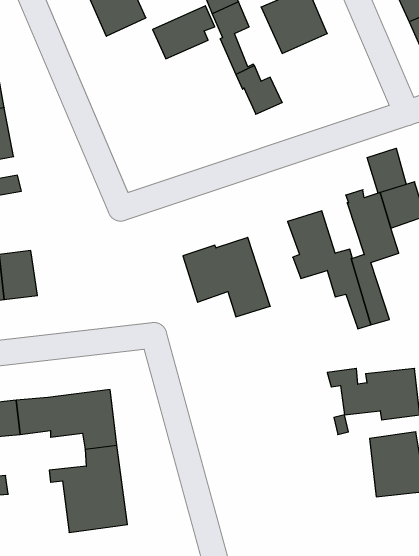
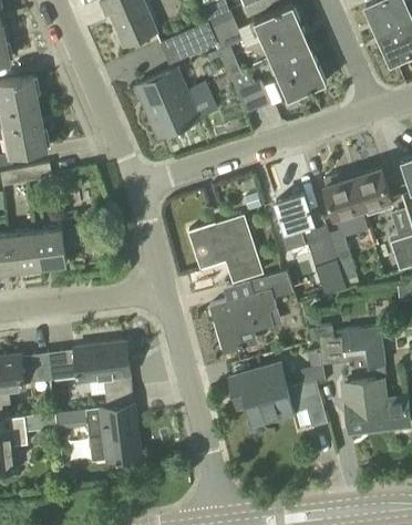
building: none -> [270,45,325,101]
building: none -> [135,70,217,137]
building: [367,148,406,193] -> none
building: none -> [209,270,292,352]
building: none -> [229,364,327,429]

